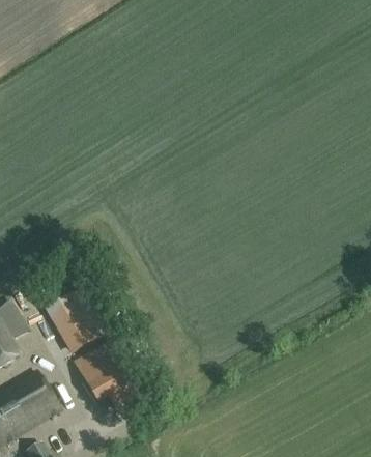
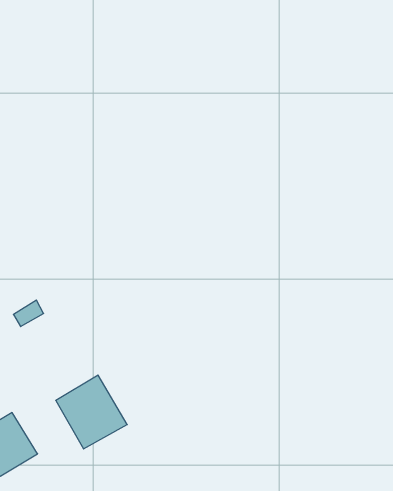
building: [44,294,98,350] -> none

